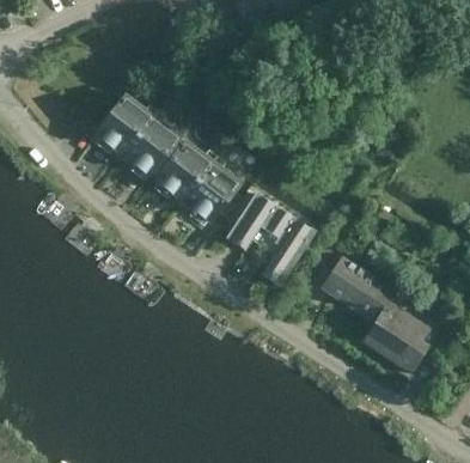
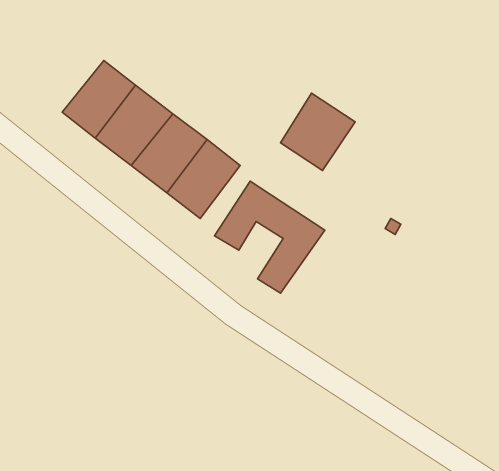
building: none -> [281,93,355,171]
building: [322,257,432,374] -> none

